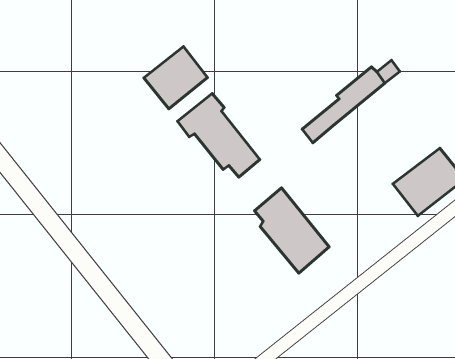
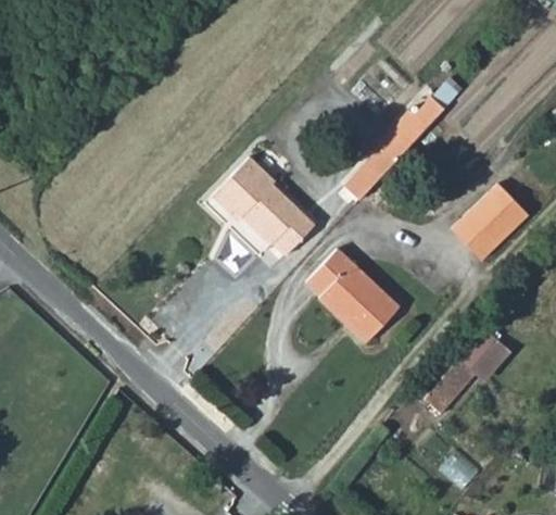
building: [144,46,207,109] -> none
building: none -> [422,330,506,412]

